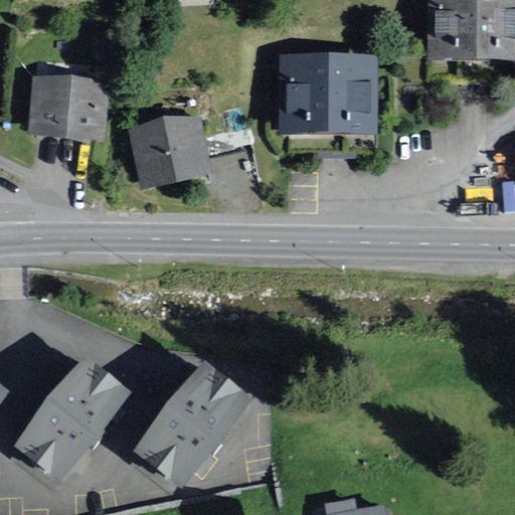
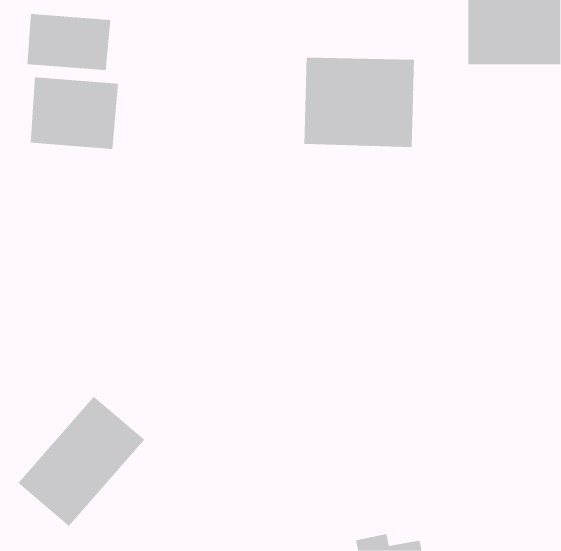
building: none -> [27,13,111,71]
building: [129,113,211,184] -> none
building: [138,370,247,486] -> none

